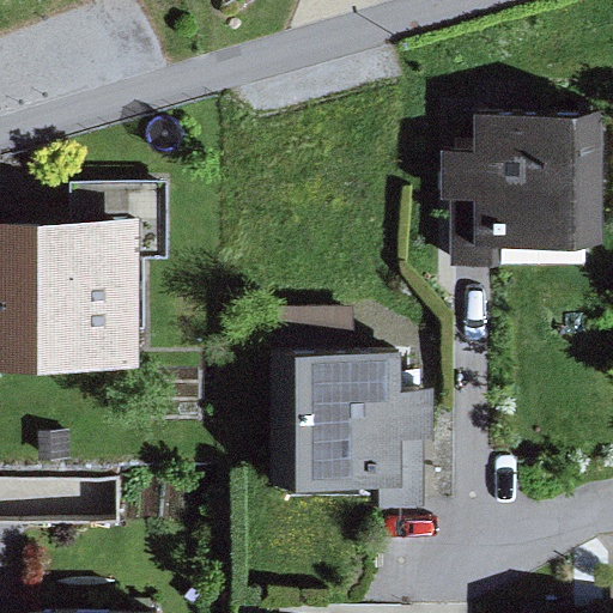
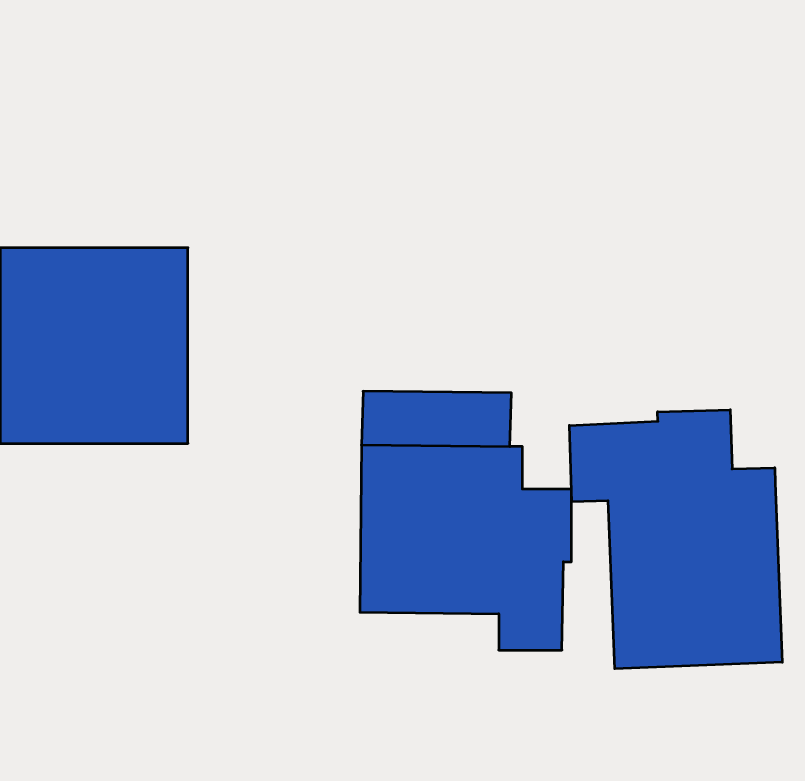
building: [442,109,579,269] -> none
building: none -> [569,410,782,669]

